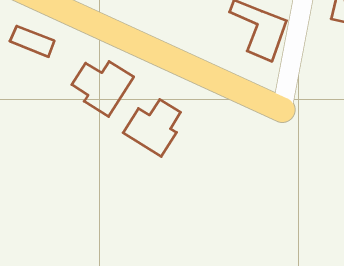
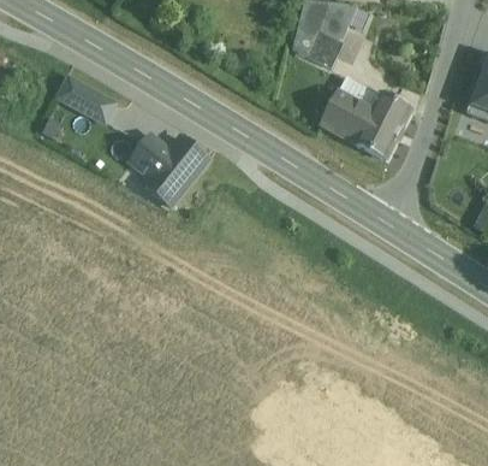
building: none -> [321,90,373,142]
building: [123,99,181,157] -> none

